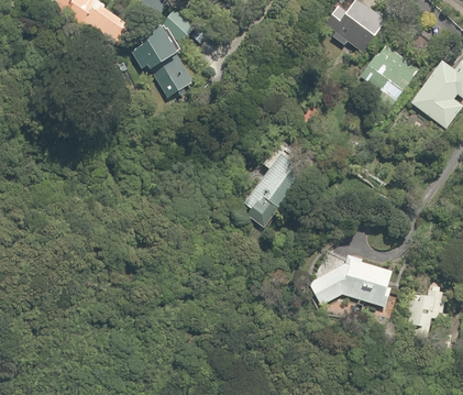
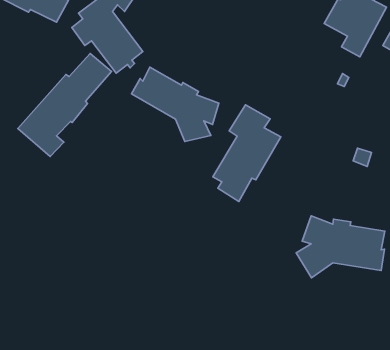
building: none -> [18,53,112,157]
building: none -> [132,67,219,142]

